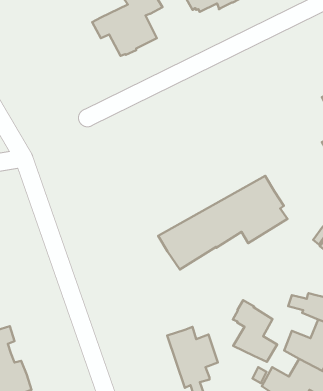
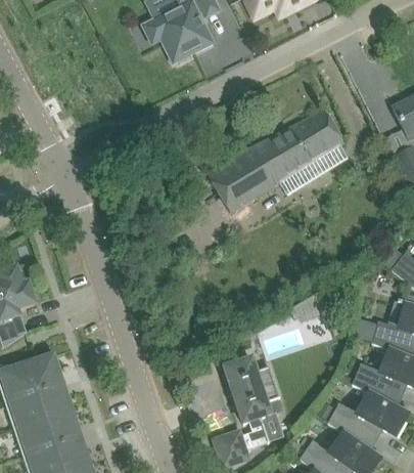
building: [158,176,288,269] -> [206,110,348,212]
building: [233,300,277,362] -> none

